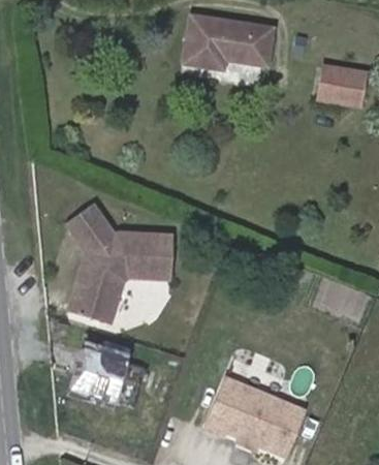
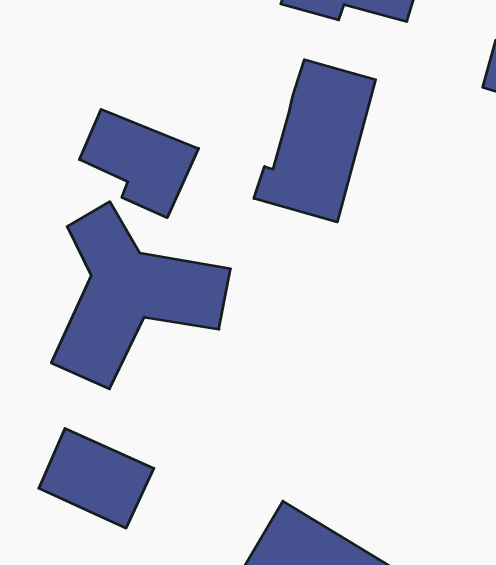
building: none -> [254,60,376,222]
building: none -> [79,109,199,218]

